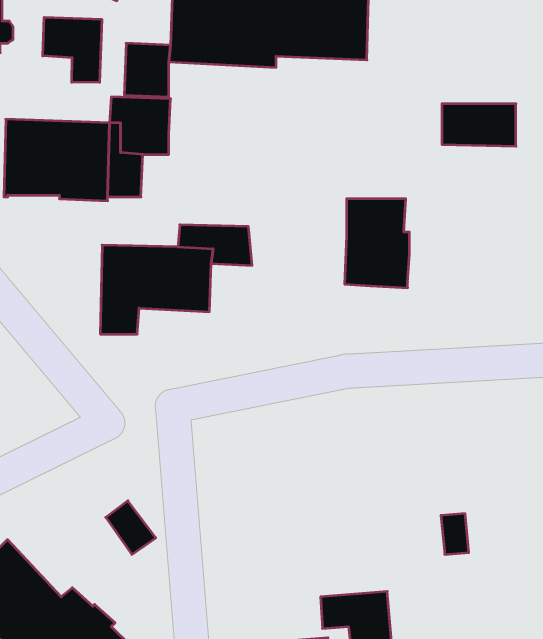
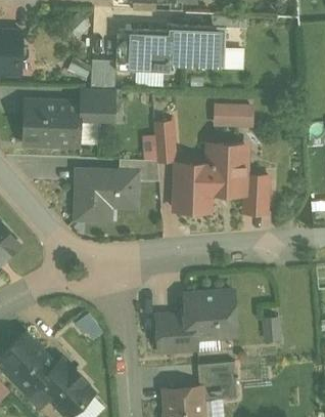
building: [43,17,102,82] -> none
building: [442,104,516,146] -> [217,103,258,127]
building: none -> [156,123,176,161]
building: none -> [175,165,213,212]
building: none -> [246,176,269,214]
building: none -> [156,293,236,353]

